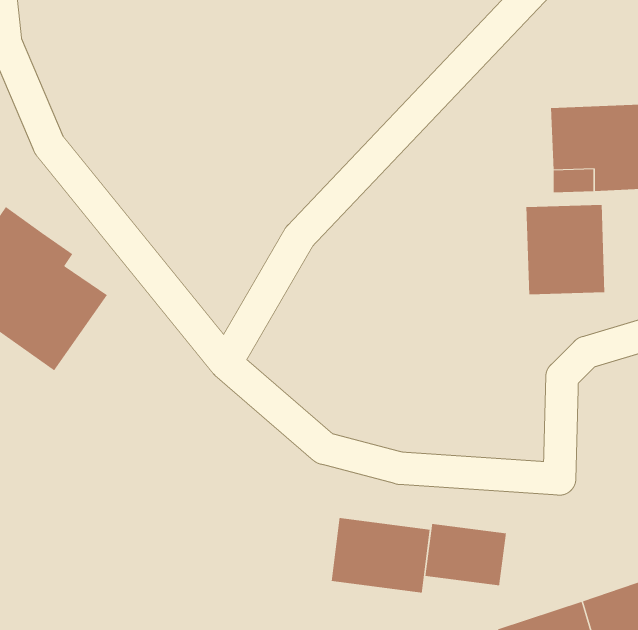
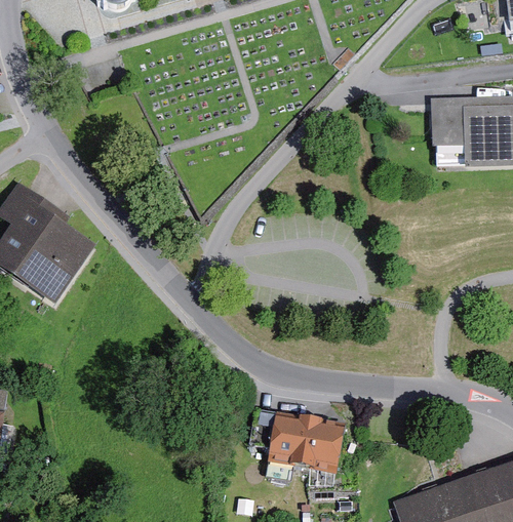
building: [526,204,605,295] -> none
building: [425,523,507,586] -> none

